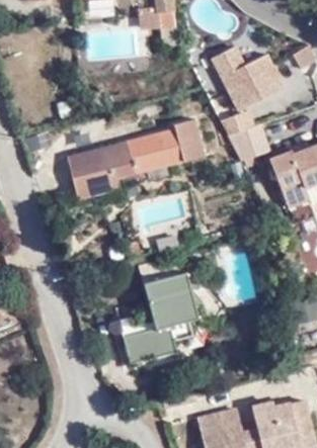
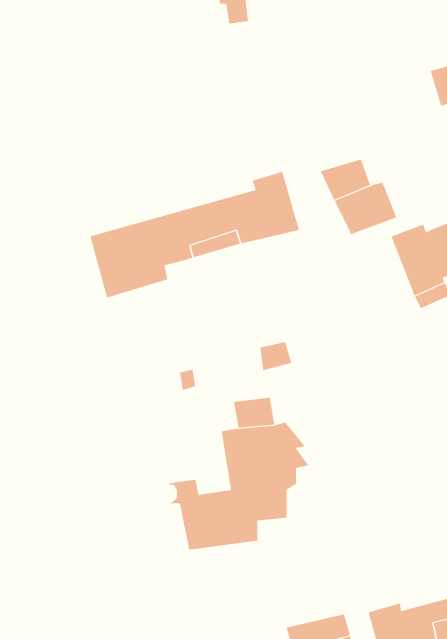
building: [212,43,284,106] -> none

